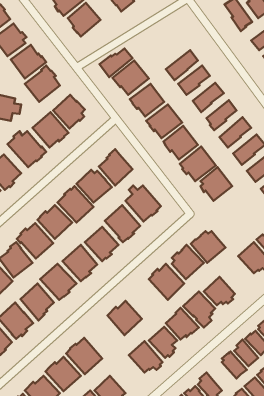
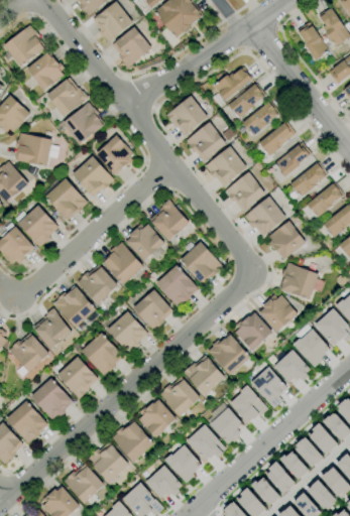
building: [100,49,132,77] -> [215,68,253,101]
building: none -> [279,263,320,300]
building: none -> [291,329,330,367]
building: none -> [184,356,226,396]
building: none -> [139,399,177,438]
building: none -> [163,444,201,483]
building: none -> [279,450,309,479]

